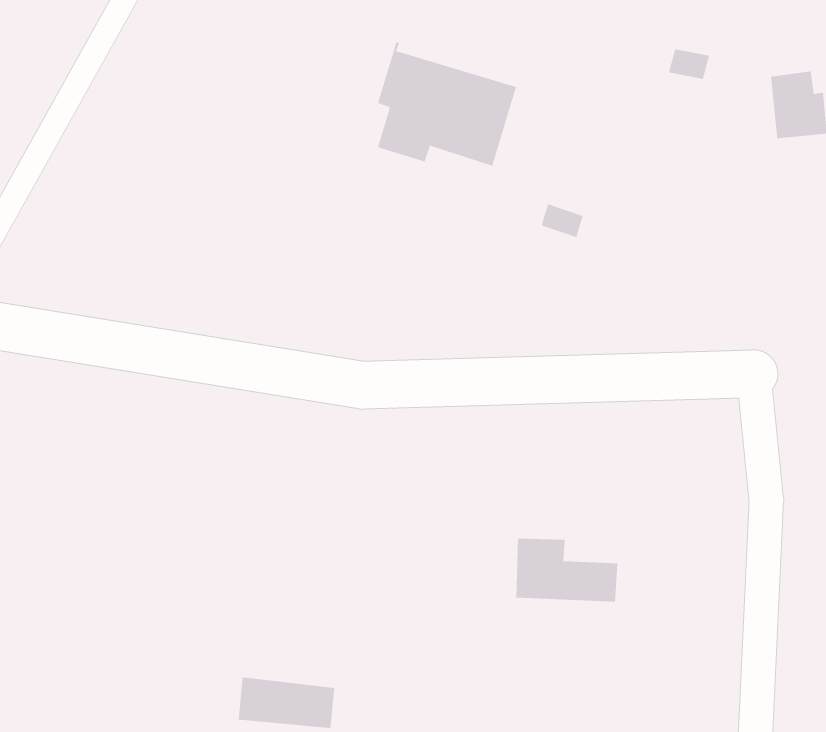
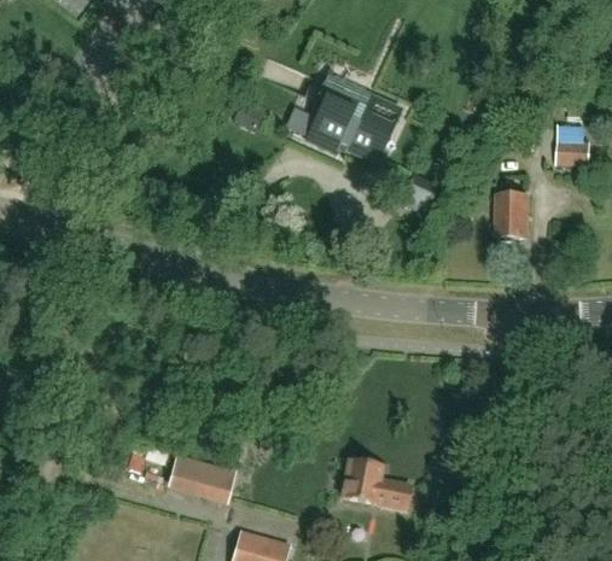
building: none -> [496,194,529,236]
building: [516,538,618,602] -> [344,461,412,509]

